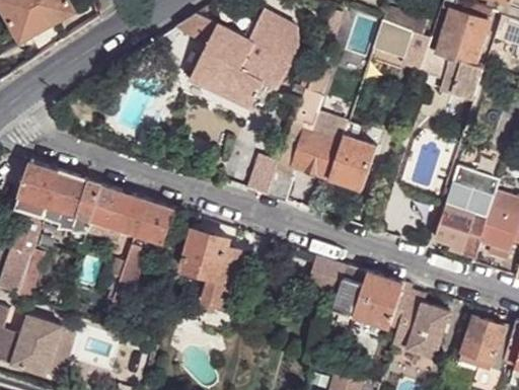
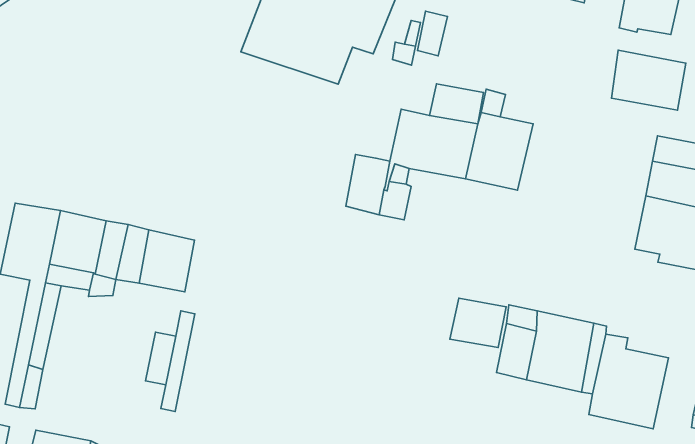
building: none -> [612,50,686,110]
building: [134,200,174,242] -> none
building: [181,231,242,297] -> none

